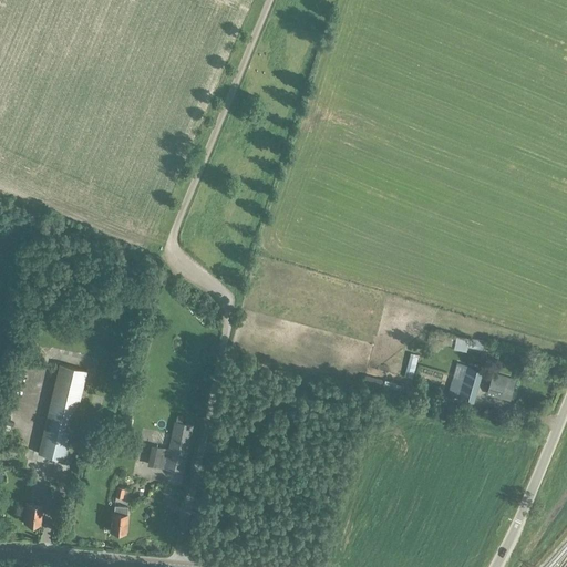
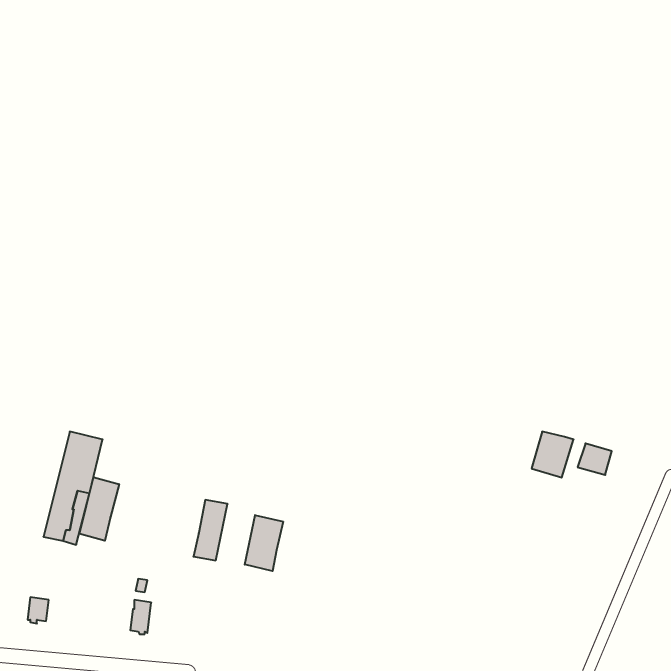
building: none -> [79,477,119,541]
building: none -> [245,515,283,571]

